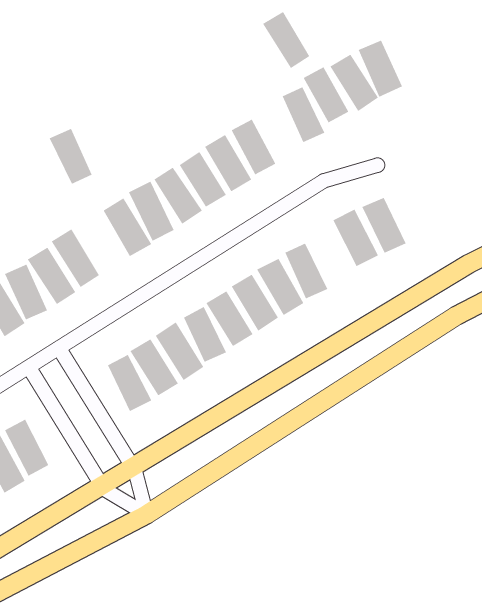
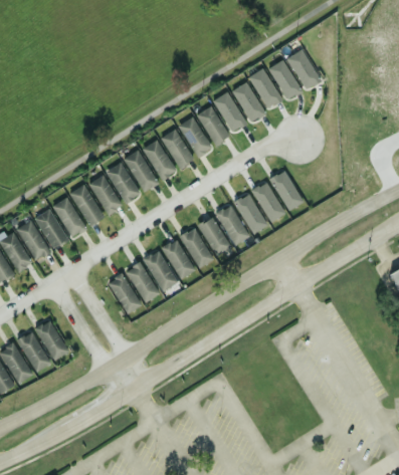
building: [262,11,310,69] -> [212,91,246,133]
building: [49,128,93,185] -> [89,175,121,215]
building: [362,197,407,253] -> [252,182,284,222]

